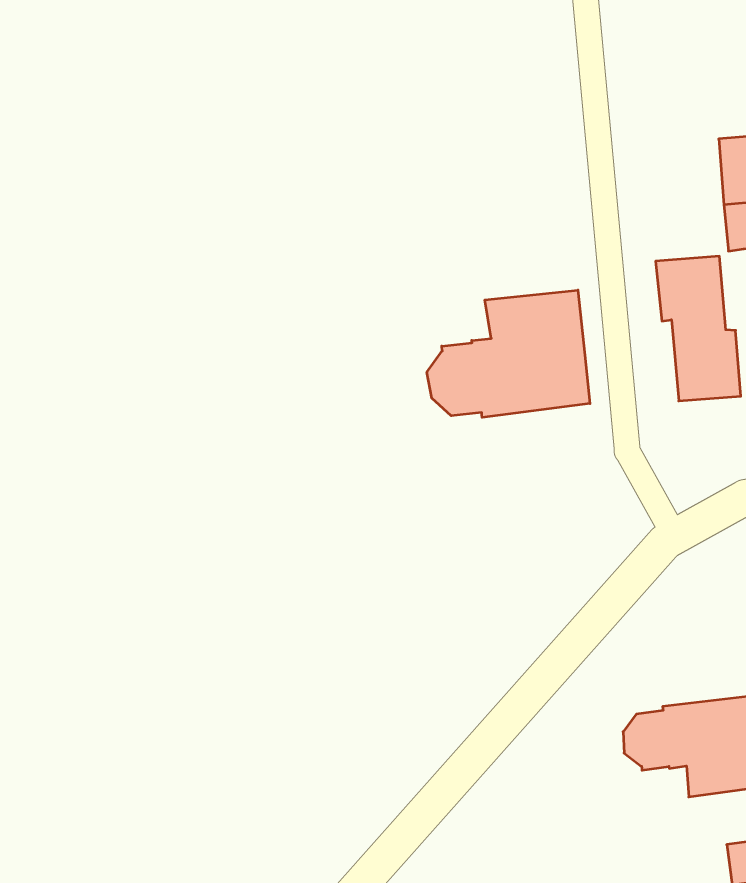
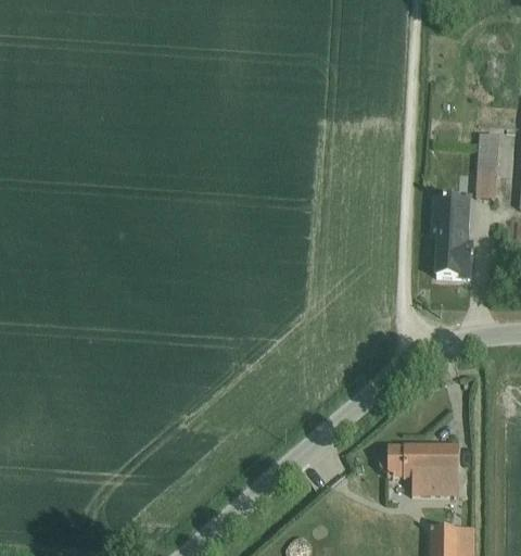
building: [427,290,590,417] -> none

